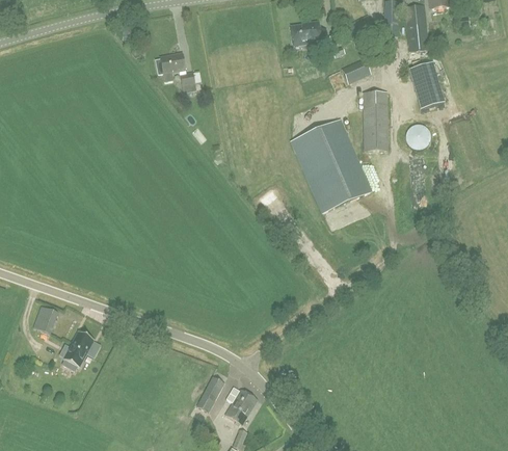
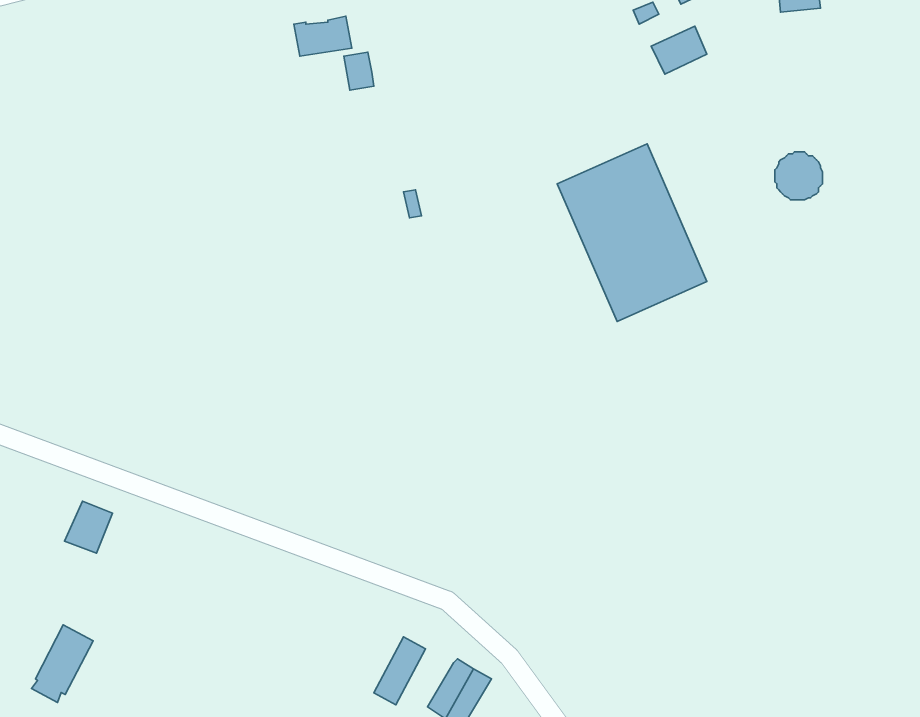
building: [411,59,446,108] -> none
building: [362,90,387,150] -> none
building: [61,330,93,371] -> [31,625,93,703]

